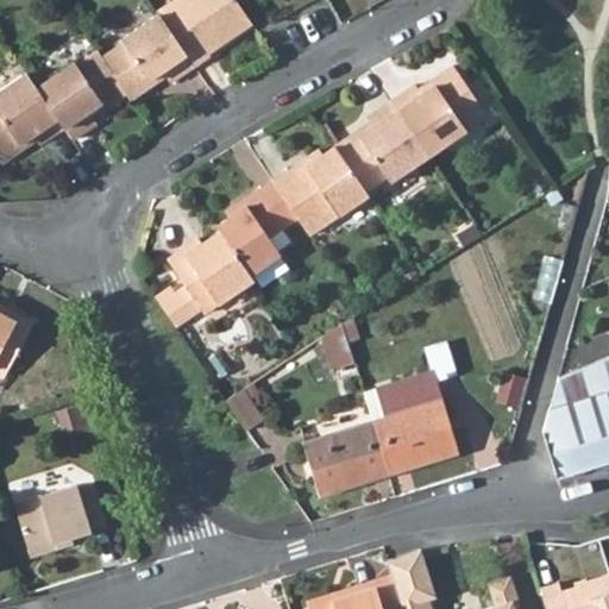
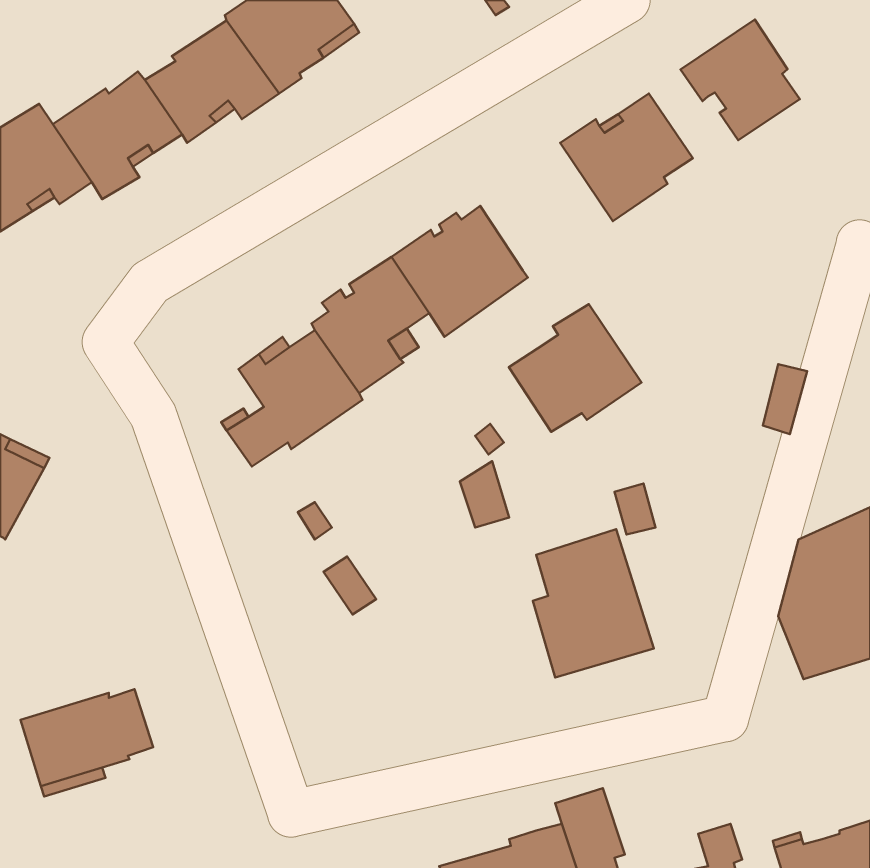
building: none -> [681,19,800,140]
building: [335,101,428,190] -> [509,304,641,432]
building: [303,421,388,495] -> none

